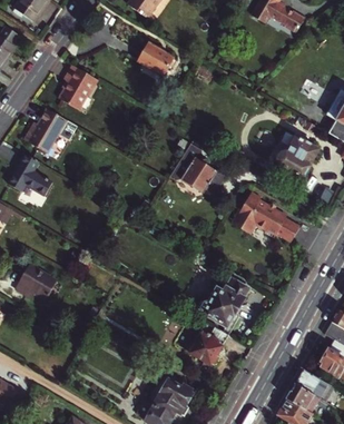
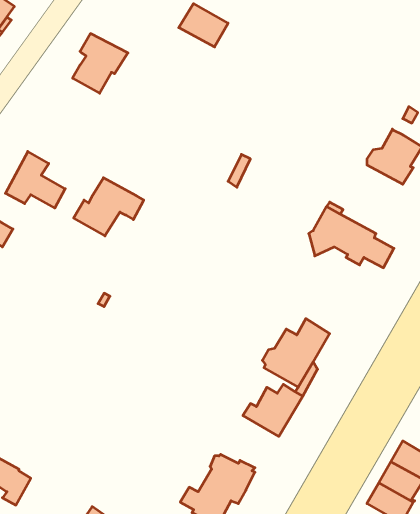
building: [24,109,77,152] -> [74,178,144,236]
building: [186,154,220,189] -> none
building: [14,263,58,299] -> none

